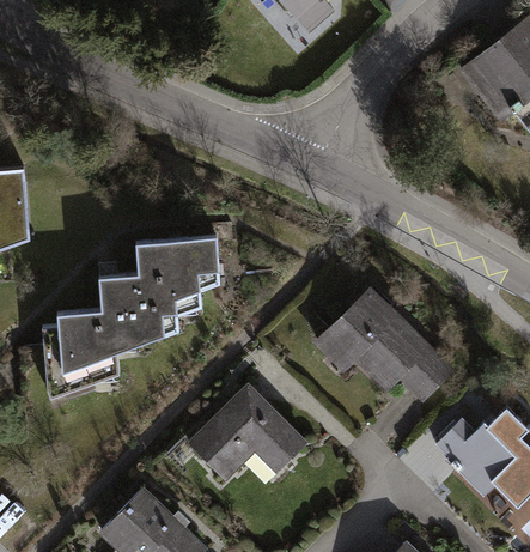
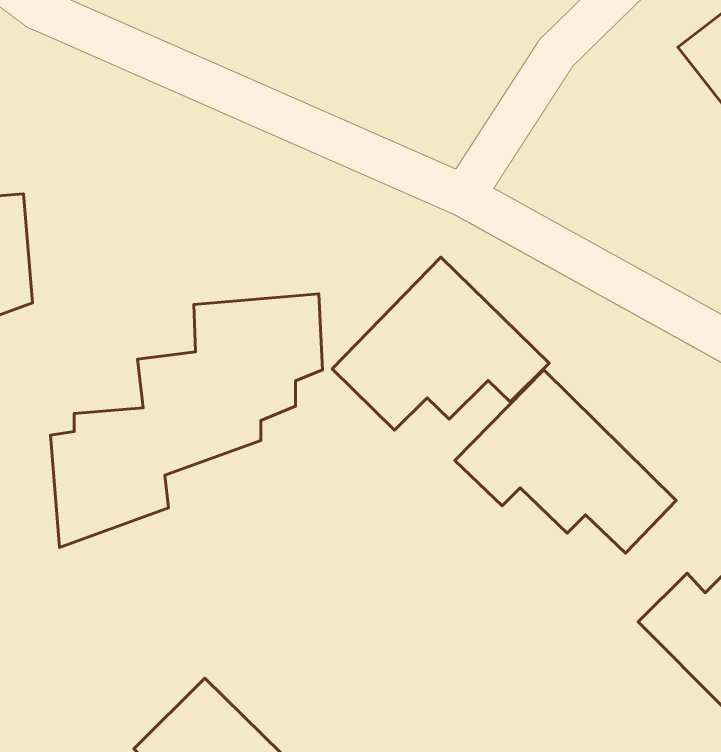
building: none -> [332,257,549,430]
building: [188,382,310,483] -> none

